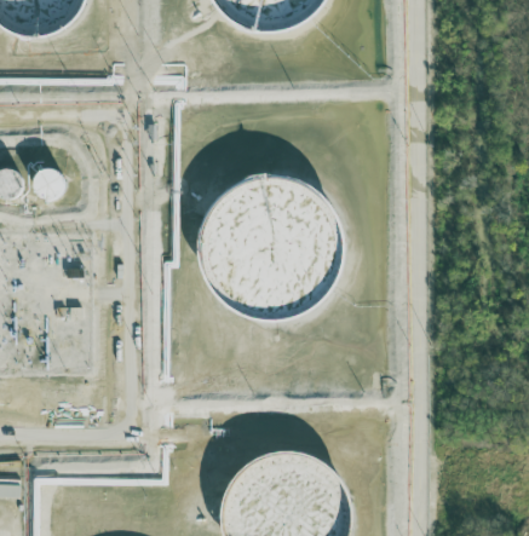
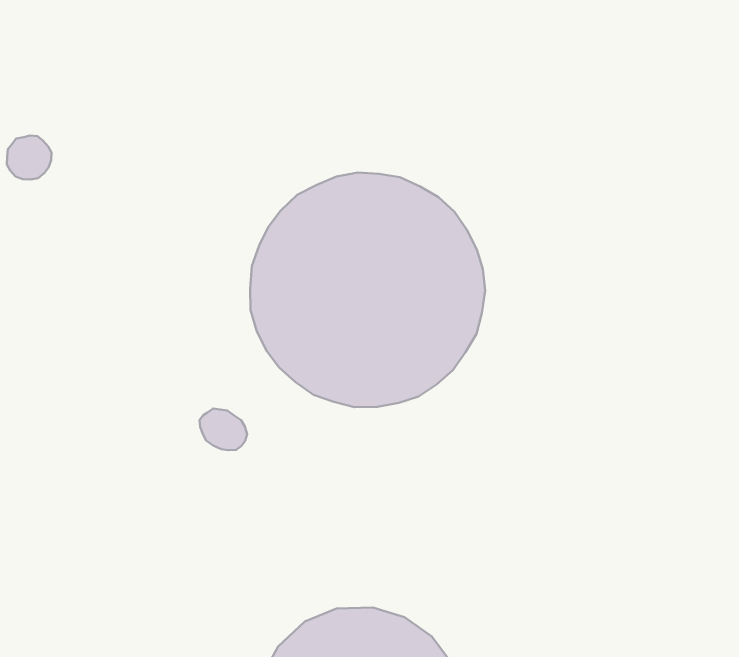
building: none -> [199,408,247,450]

